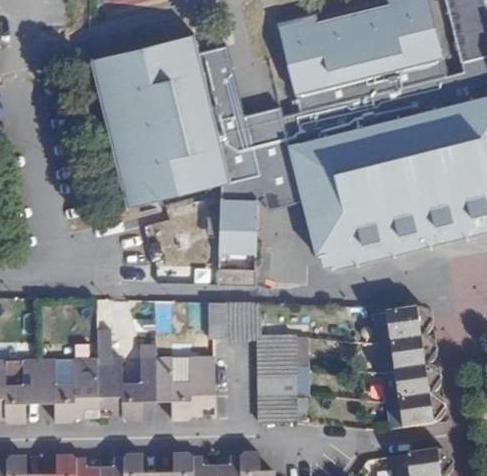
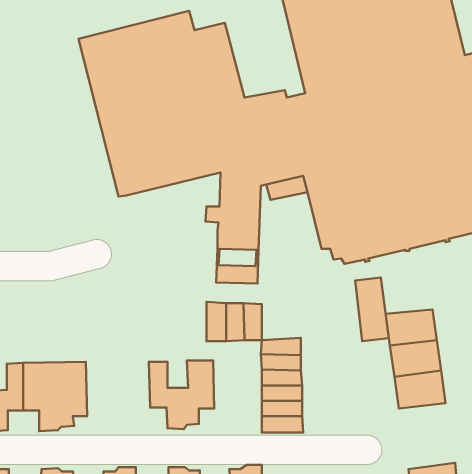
building: none -> [355,278,389,341]
building: [98,341,157,419] -> none
building: [386,395,433,429] -> none

